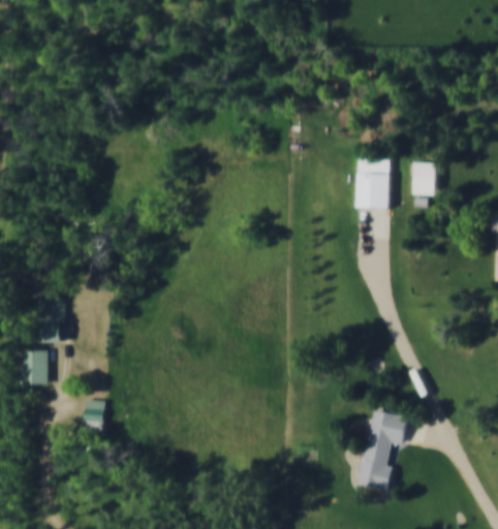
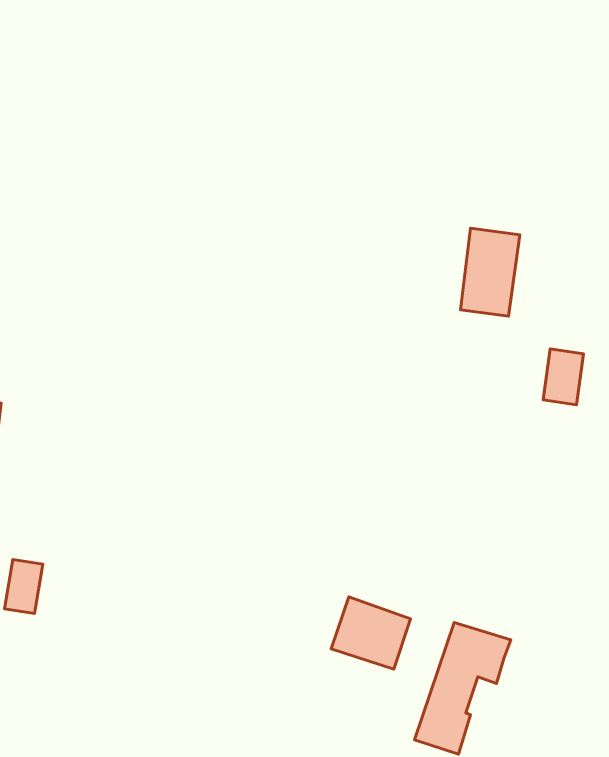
building: [414,163,437,197] -> [543,349,583,405]
building: none -> [331,597,411,669]

